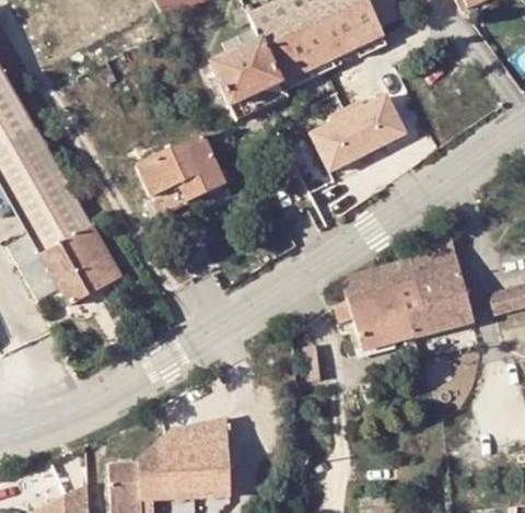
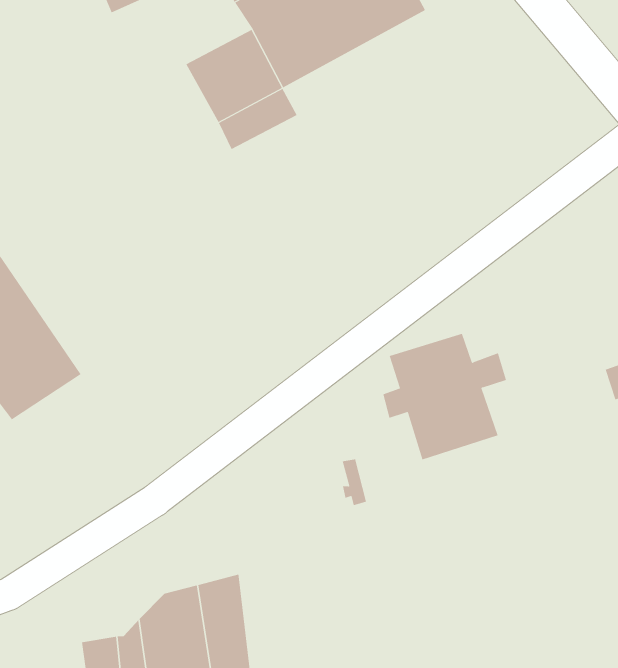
building: [310,101,408,178] -> none
building: [137,128,225,208] -> none
building: [392,237,471,337] -> none

